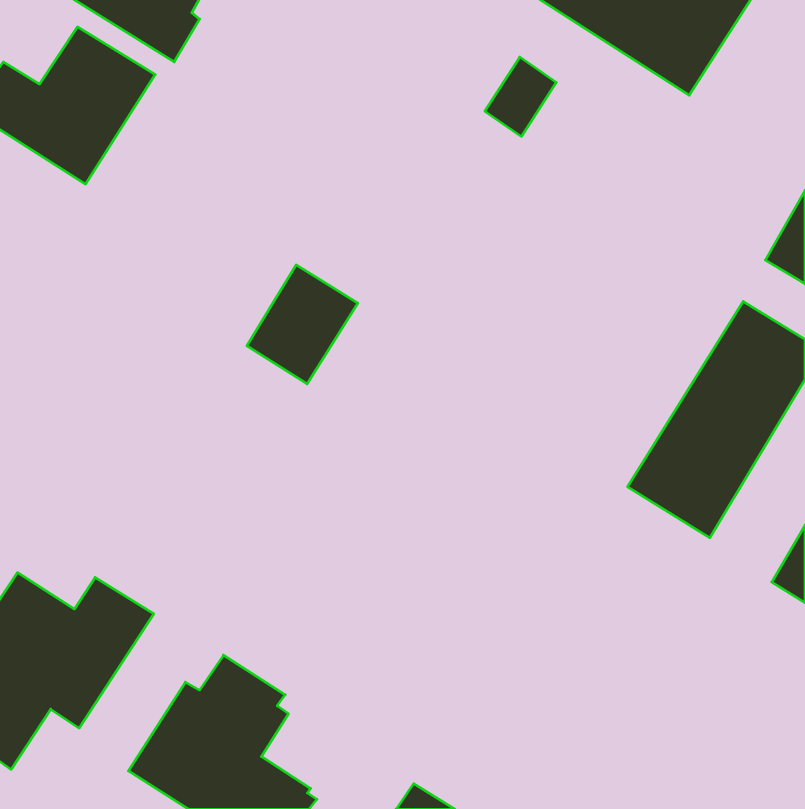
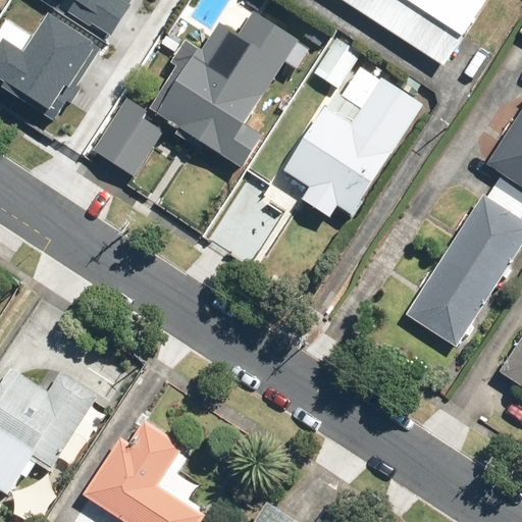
building: none -> [149,11,298,155]
building: none -> [281,80,421,216]
building: [247,265,358,384] -> [93,99,164,175]

